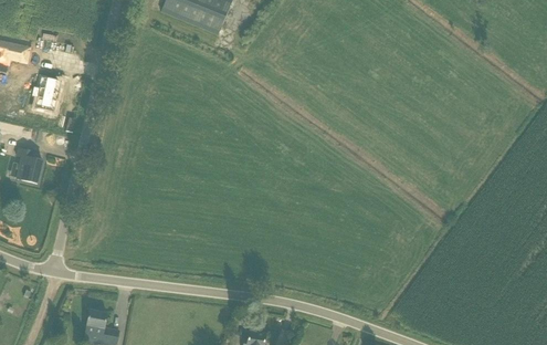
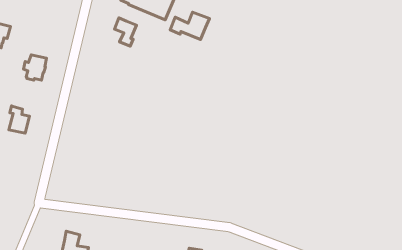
building: none -> [170,12,209,39]
building: none -> [115,18,136,46]

